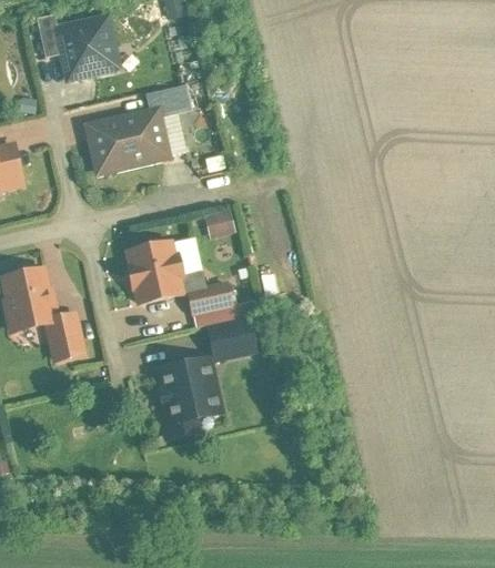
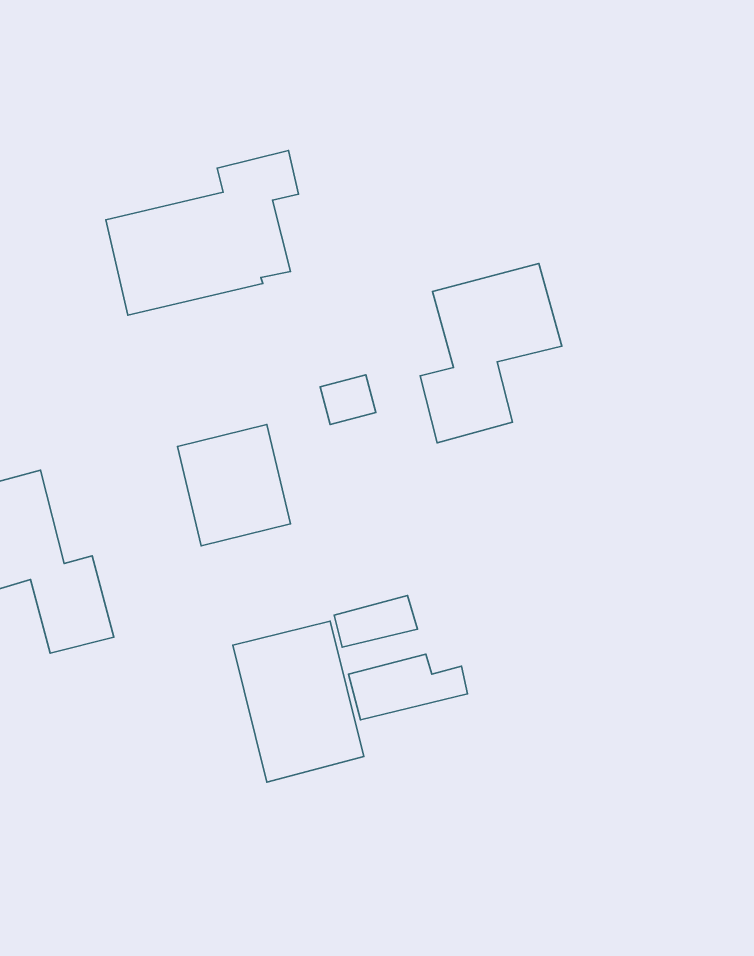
building: [37,14,122,84] -> none
building: none -> [420,264,562,443]
building: [190,291,256,327] -> [348,654,468,720]

